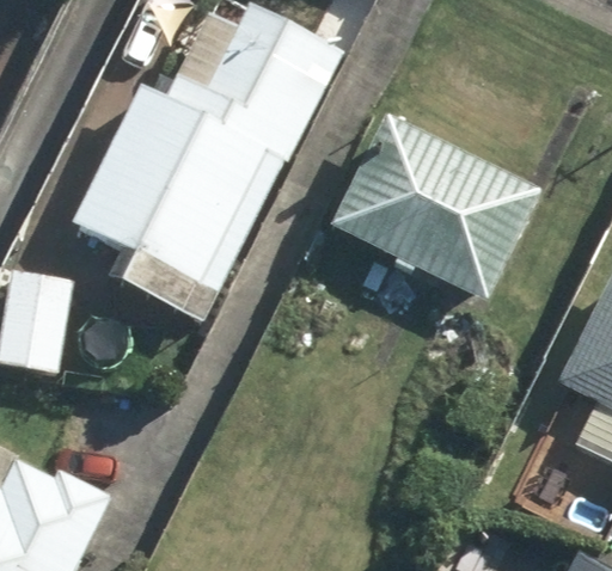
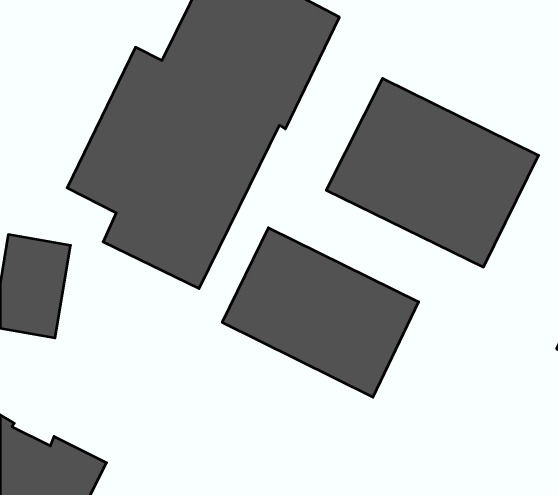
building: none -> [222,228,419,397]

